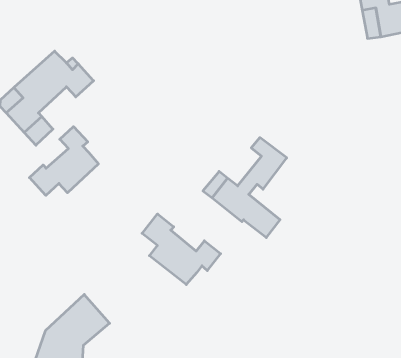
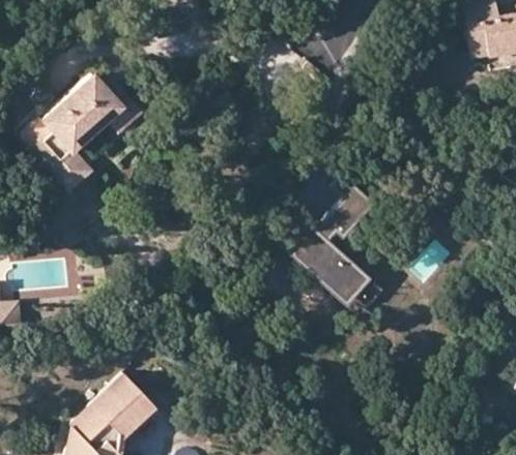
building: [29,127,98,195] -> none
building: [142,214,221,285] -> none

